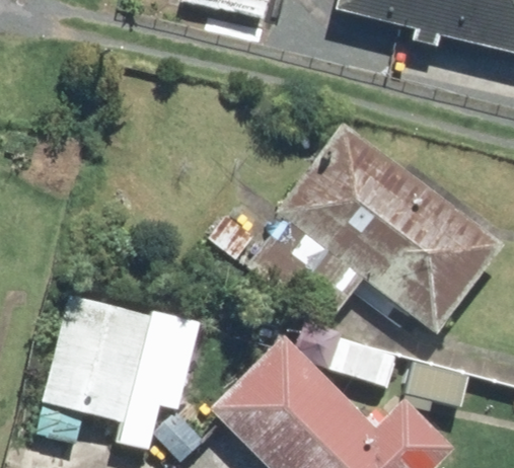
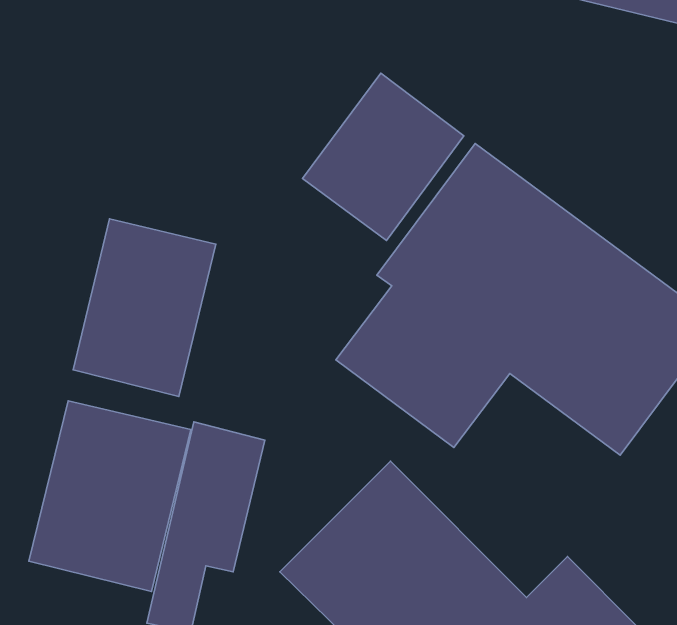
building: none -> [303,73,464,241]
building: none -> [73,219,216,396]

